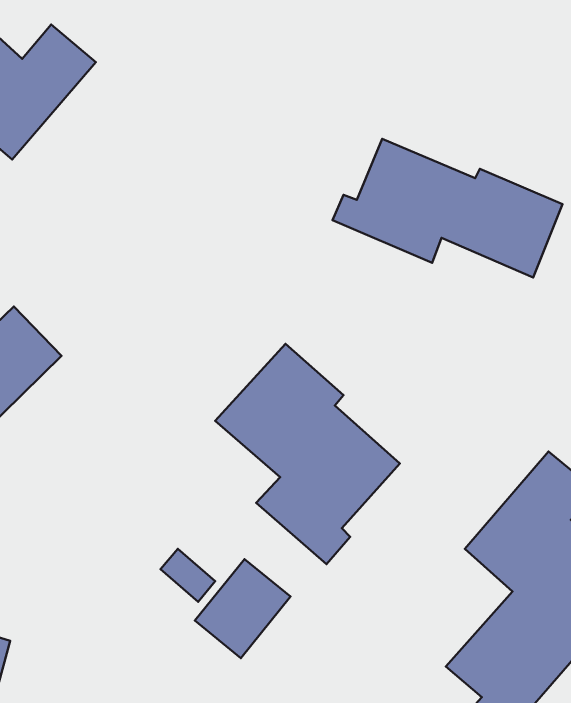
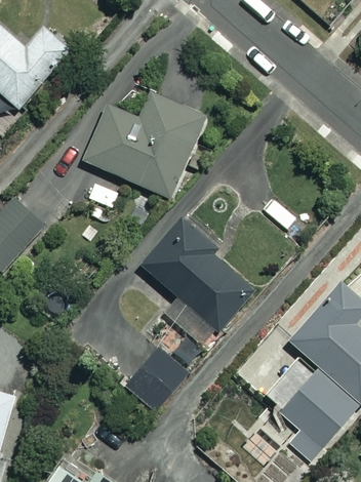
building: none -> [78,91,205,197]
building: [333,139,562,278] -> none

